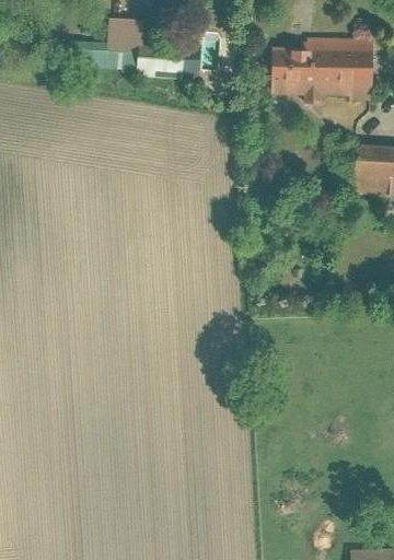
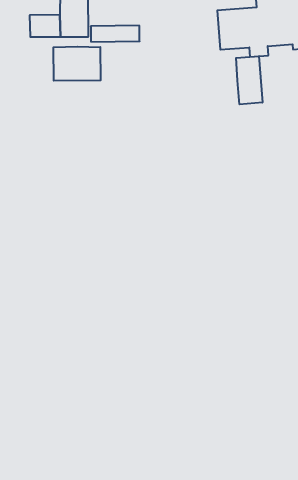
building: none -> [53,47,101,81]
building: none -> [236,56,262,104]

